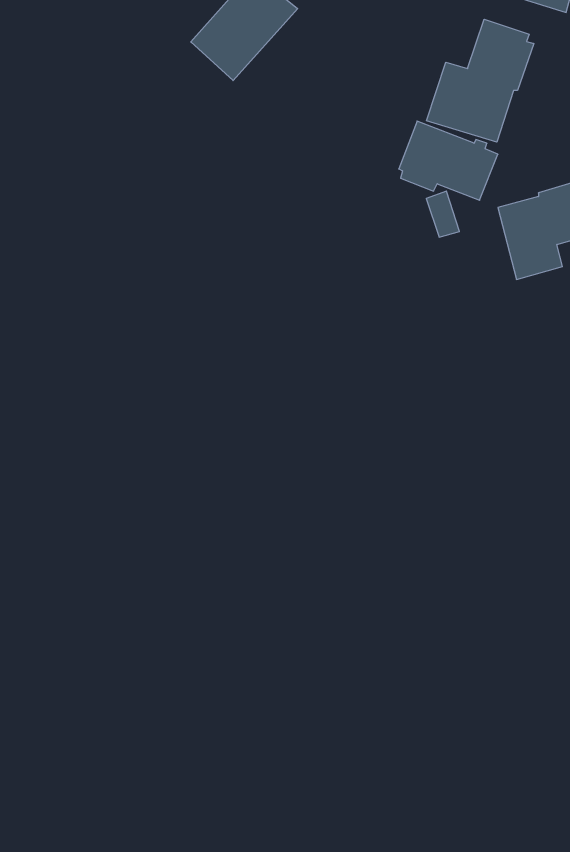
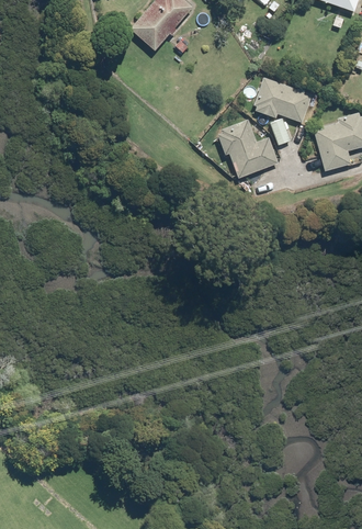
building: [426,19,534,142] -> none
building: none -> [218,120,279,178]

